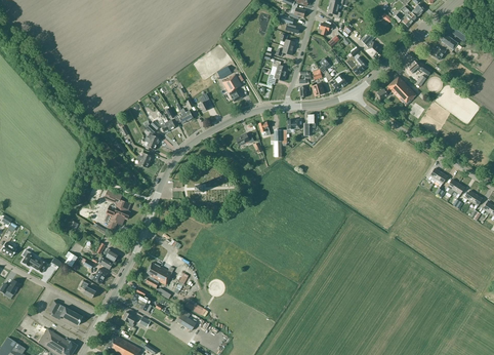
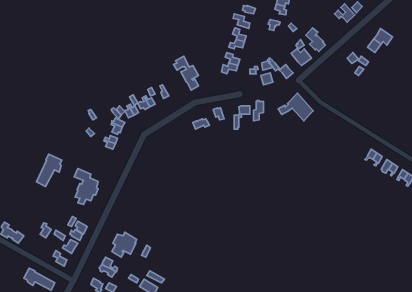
building: [376,75,415,106] -> [278,93,313,121]
building: none -> [36,154,62,187]

